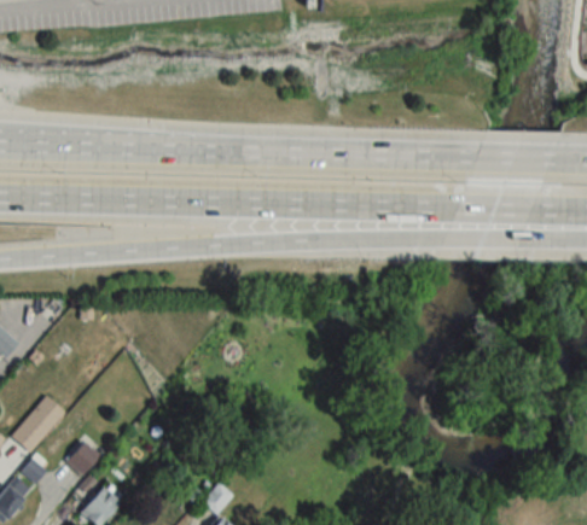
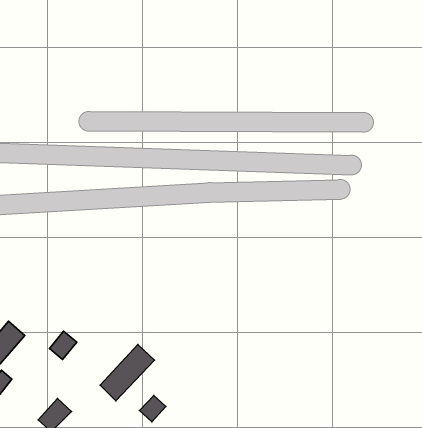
building: none -> [100,345,155,401]
building: [66,441,99,474] -> [49,331,77,360]

